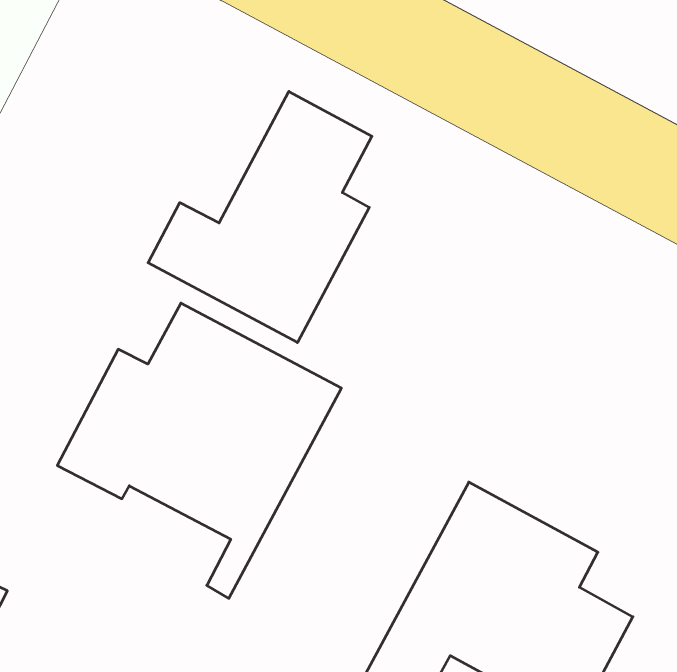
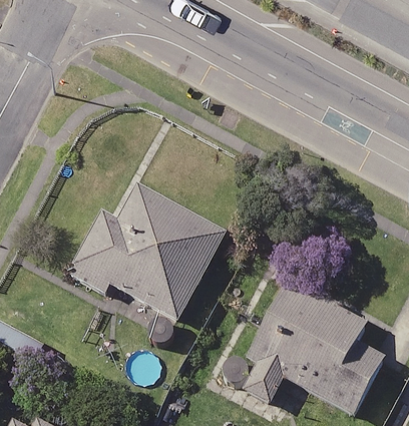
building: [148,91,372,343] -> none

